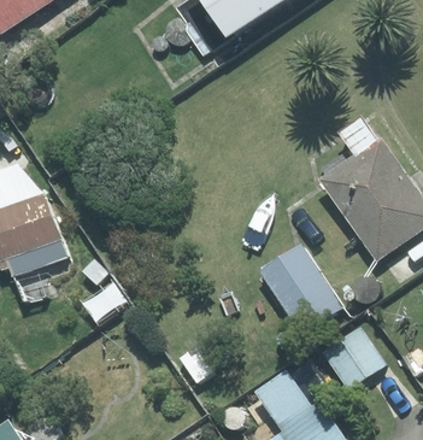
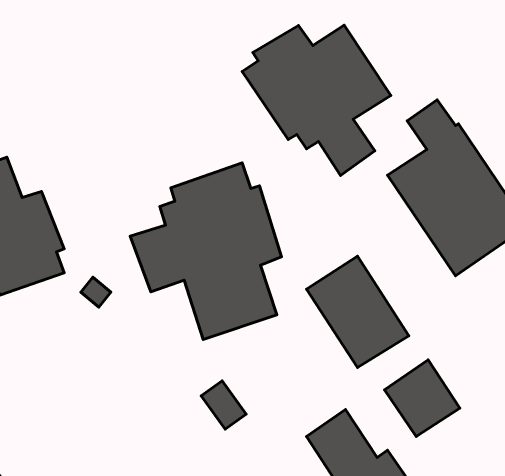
building: none -> [242,25,391,176]
building: none -> [130,163,281,339]

